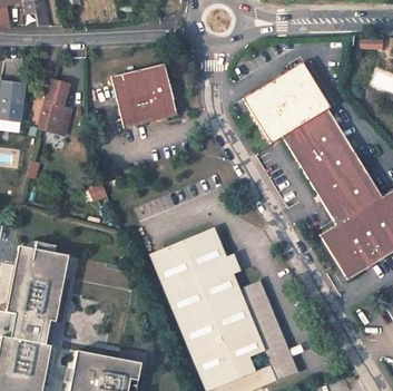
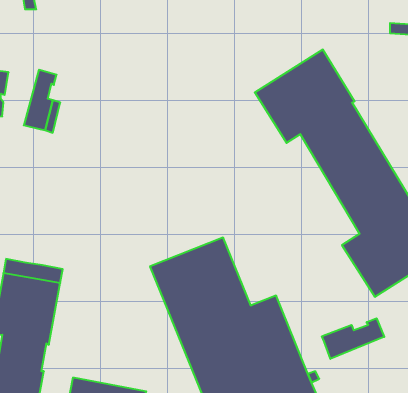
building: [110,63,176,128] -> none
building: none -> [322,318,384,359]

